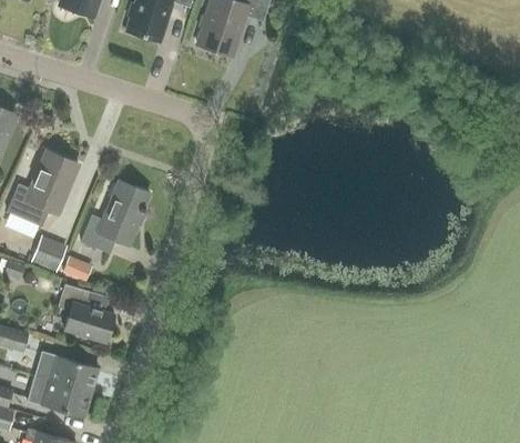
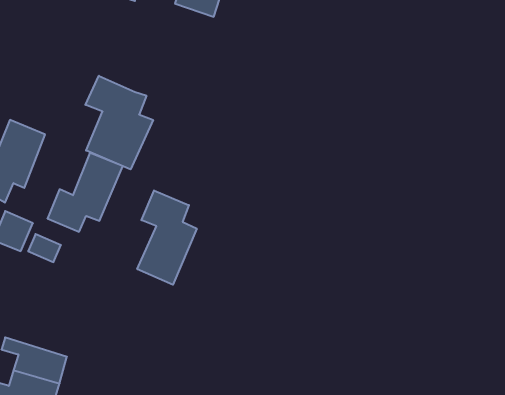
building: none -> [85,76,153,169]
building: none -> [137,190,197,285]
building: [58,283,114,342] -> none

